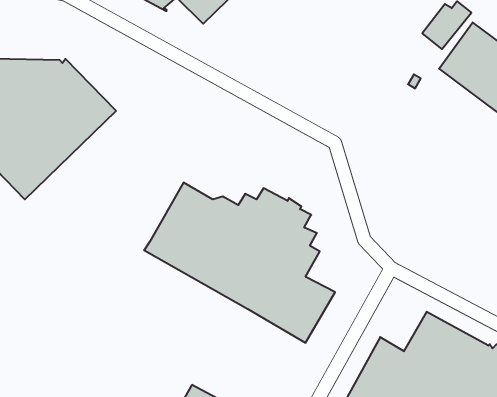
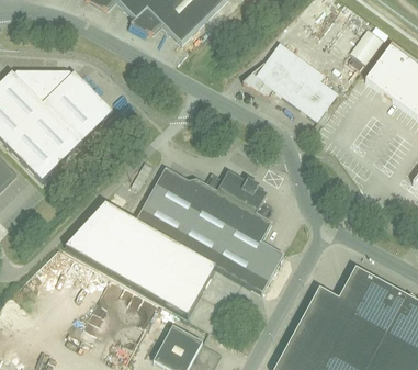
building: none -> [242,47,337,119]
building: none -> [65,201,216,315]

